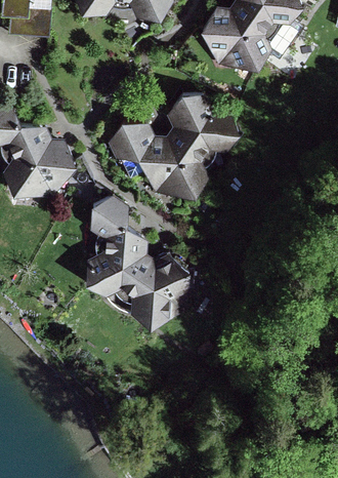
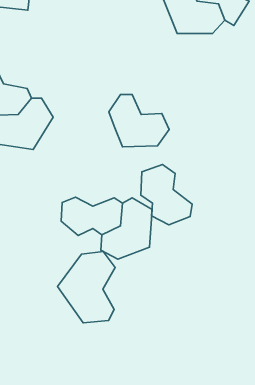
building: [167,90,240,160] -> none
building: [109,120,154,182] -> none
building: [90,196,149,265] -> [141,165,192,225]
building: none -> [58,251,115,323]

